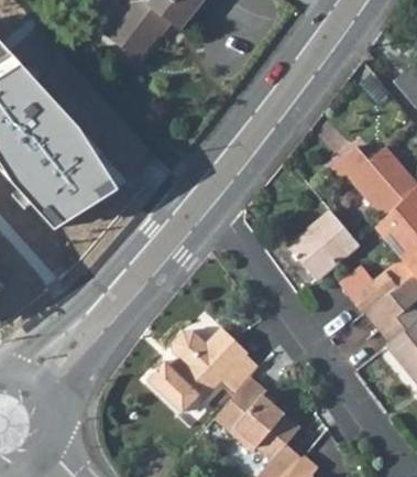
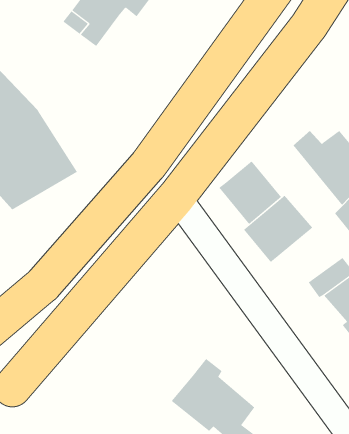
building: none -> [219,161,282,225]
building: [149,328,257,413] -> none

